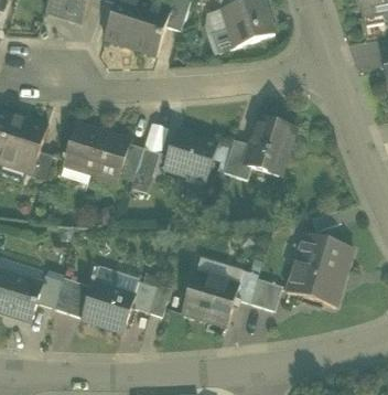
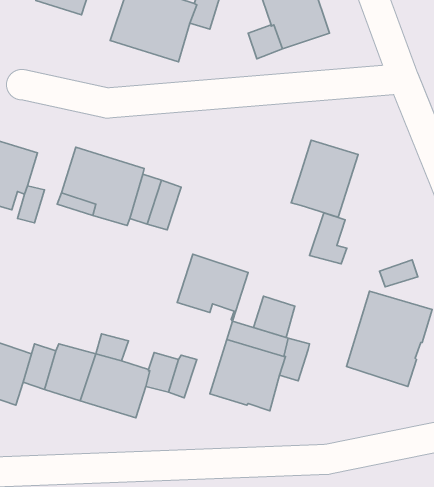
building: [163,130,218,182] -> [177,254,248,321]
building: [223,139,251,179] -> [310,213,347,264]
building: [249,278,281,310] -> [253,296,295,337]

